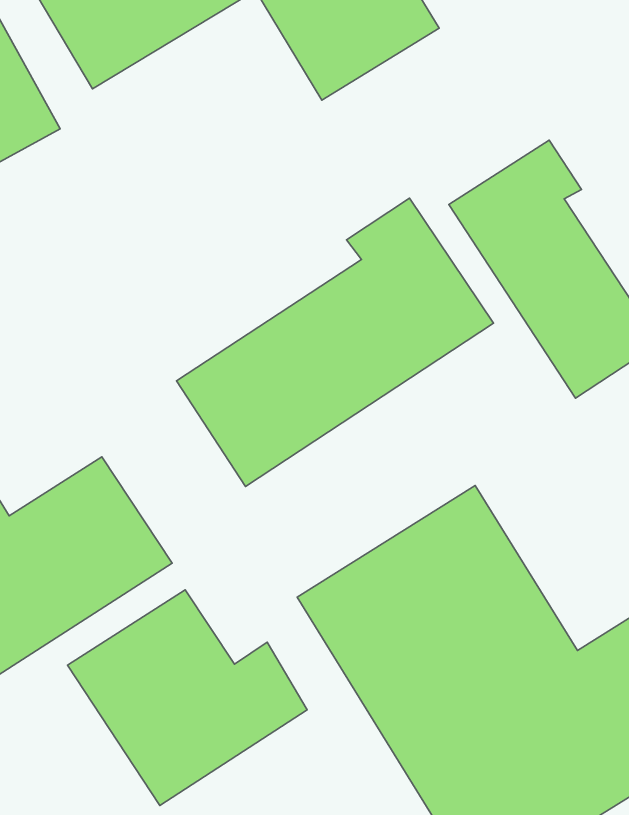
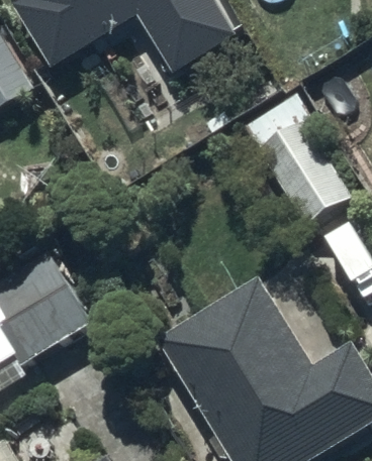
building: [176,198,494,486] -> none
building: [68,590,307,805] -> none

